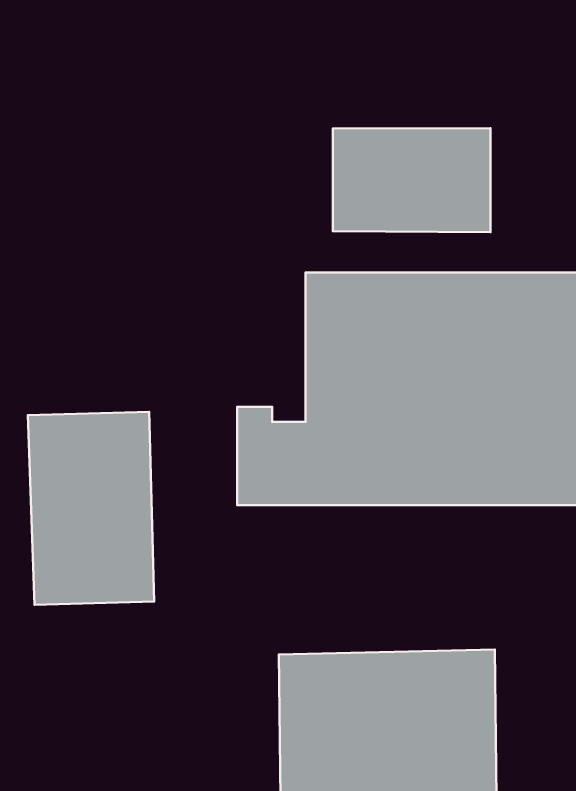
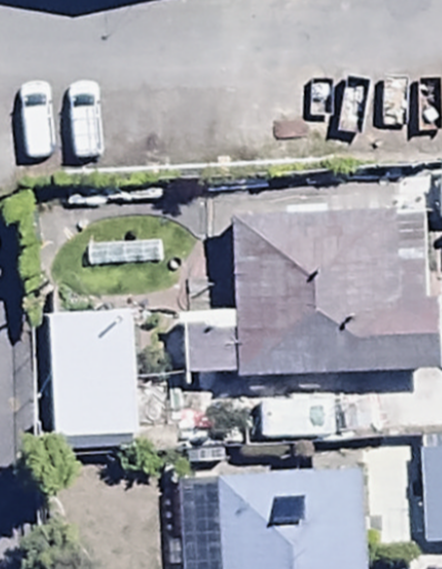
building: [333,128,491,232] -> none

